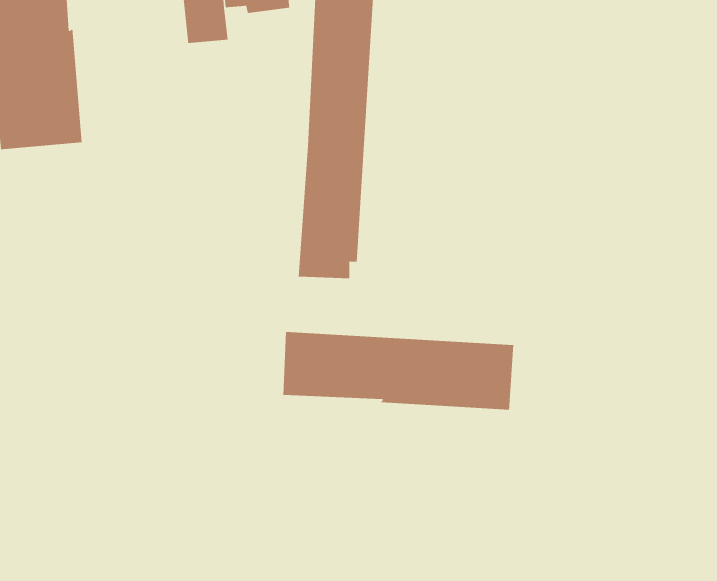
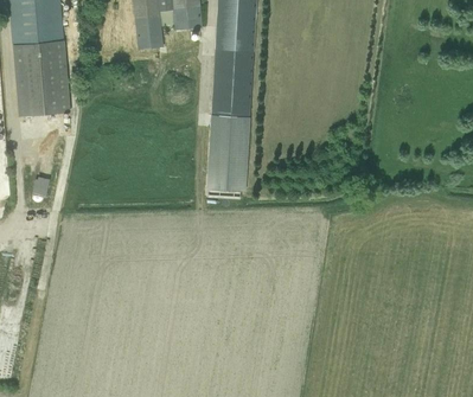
building: [283,331,514,410] -> none

